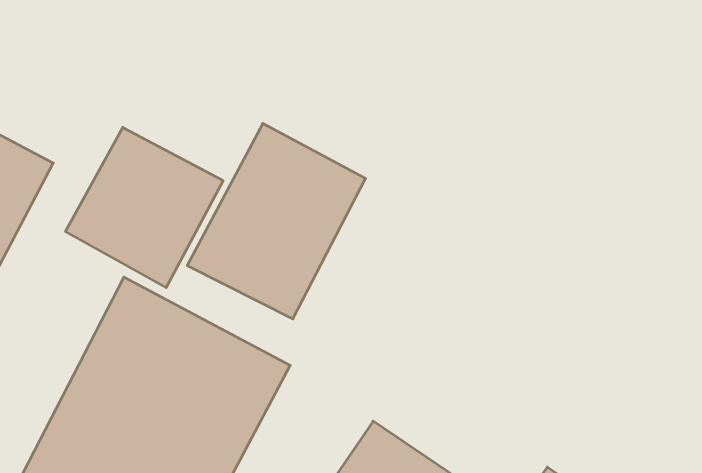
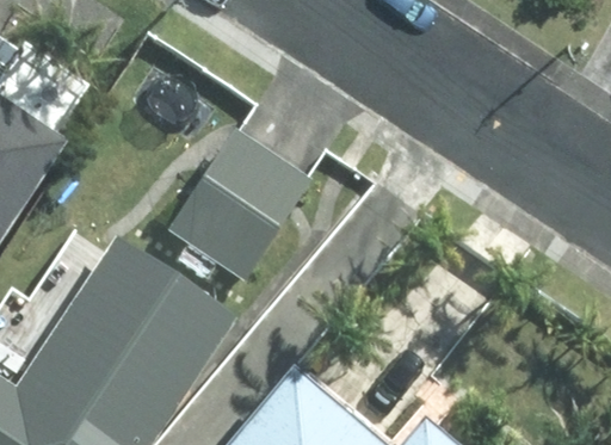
building: [66,127,223,288] -> none

